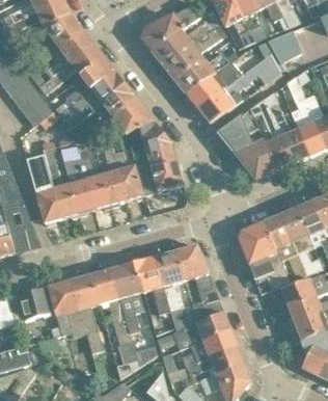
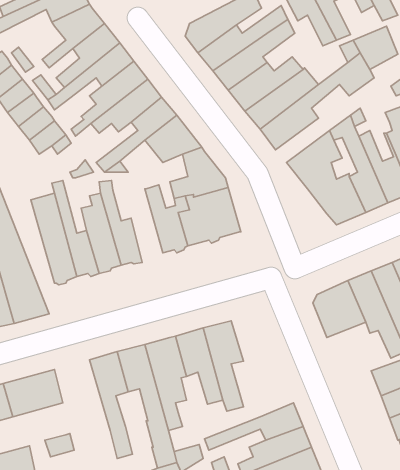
building: [102,146,126,207] -> none
building: [176,244,223,322] -> none
building: [248,251,290,289] -> none
building: [48,279,86,337] -> none

